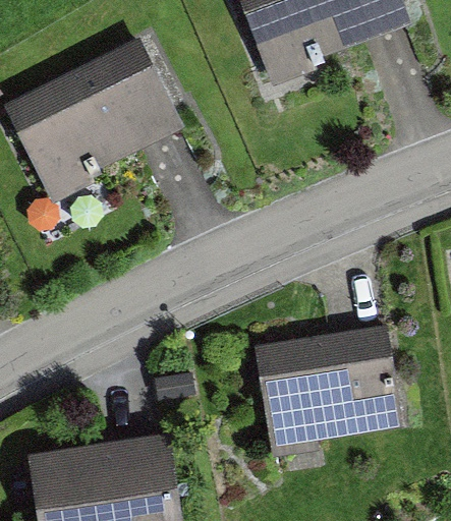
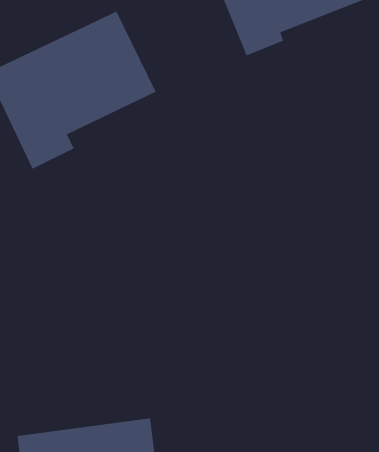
building: [261,353,408,482] -> none

